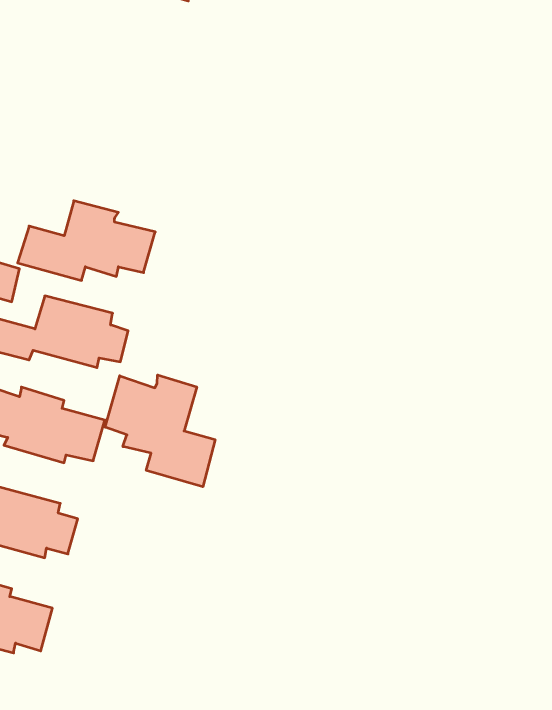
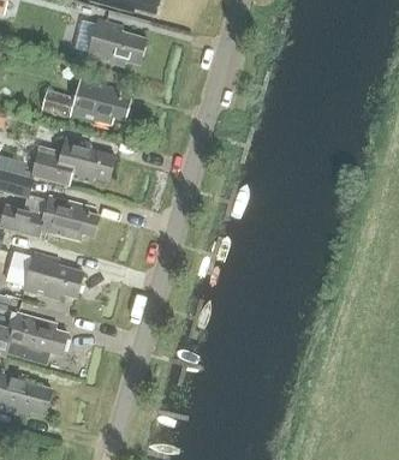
building: none -> [87,18,147,65]
building: none -> [41,77,130,123]
building: [105,375,215,487] -> none

